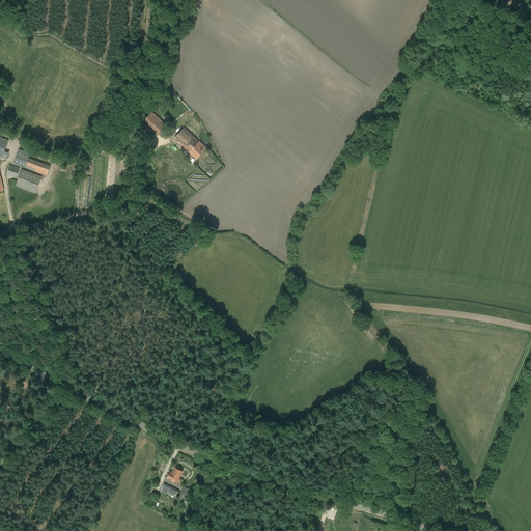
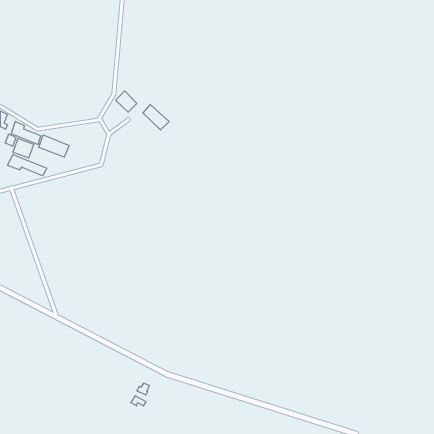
building: none -> [39,135,69,157]
building: none -> [8,154,47,176]

